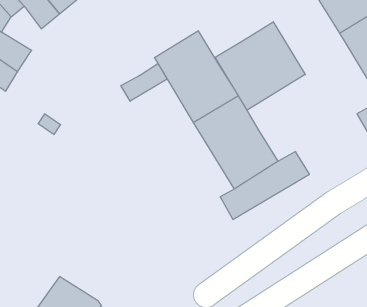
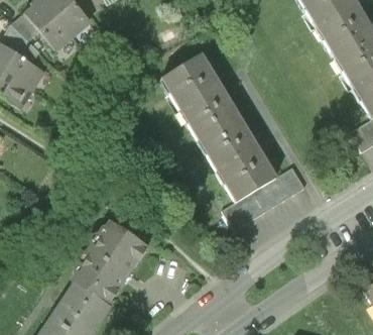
building: [215,22,305,110] -> none
building: [121,63,167,101] -> none
building: none -> [70,219,149,307]

